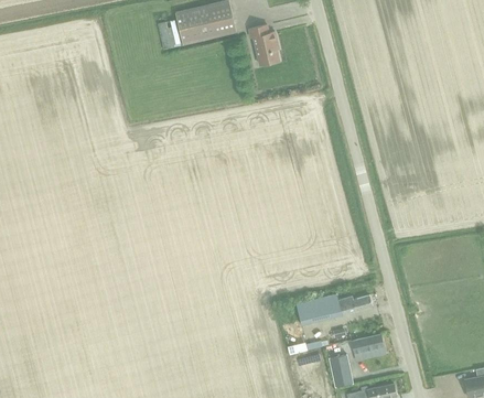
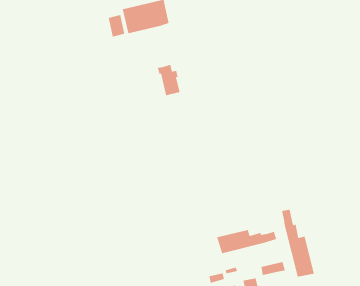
building: [249,24,279,65] -> [157,64,180,96]
building: none -> [281,209,315,277]

